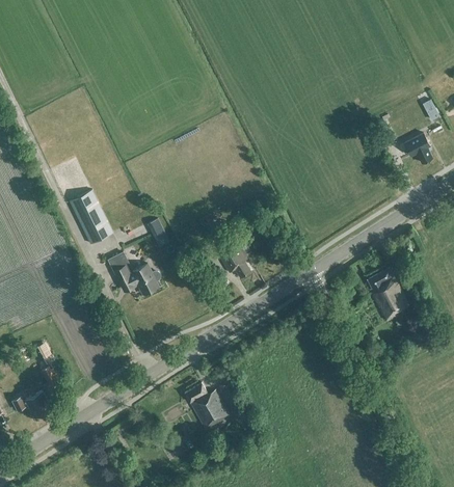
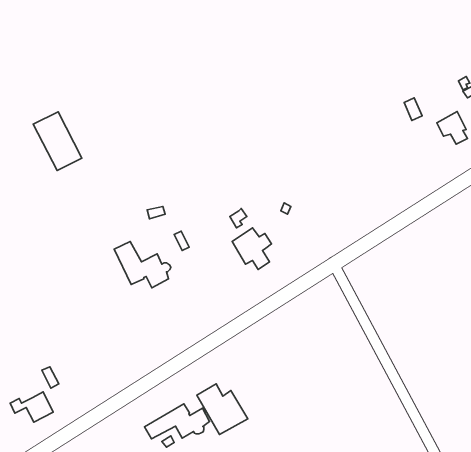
building: [70,190,114,244] -> [33,112,82,171]
building: [368,268,410,321] -> none
building: none -> [144,404,210,439]

